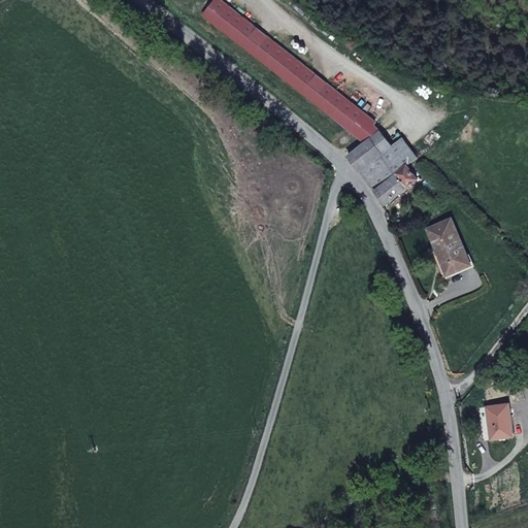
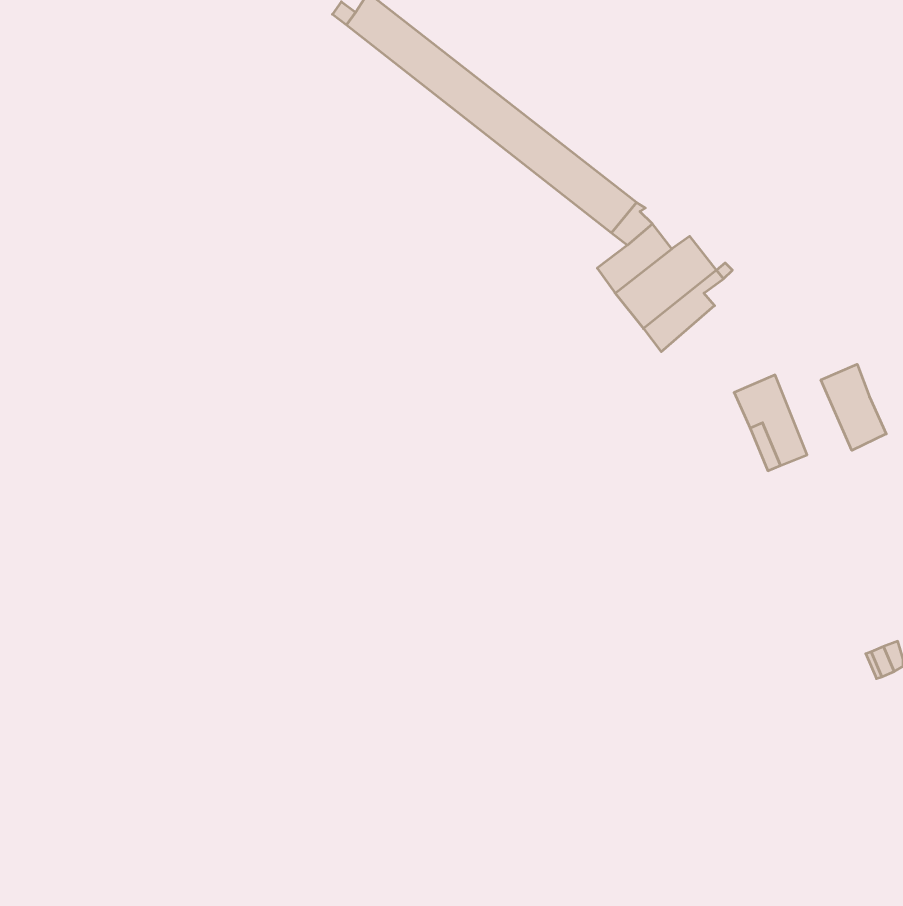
building: none -> [821,364,886,450]
building: [485,402,510,438] -> none

